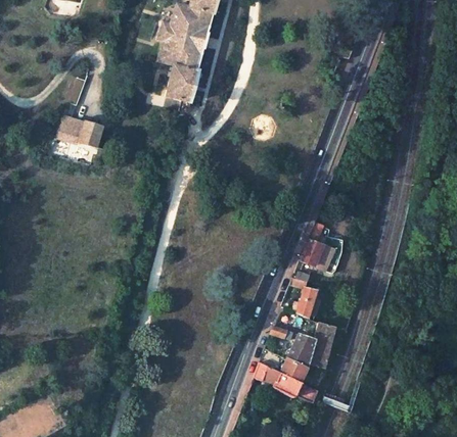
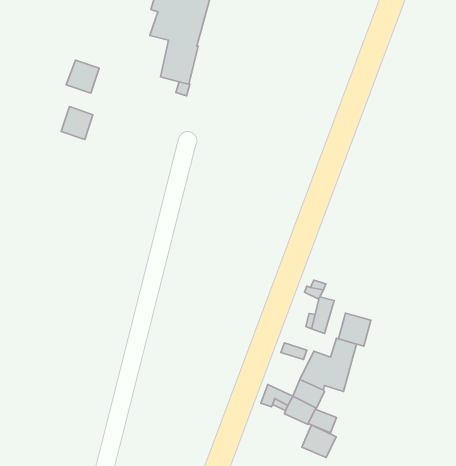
building: [57,115,86,144] -> [66,60,99,93]
building: [301,238,333,270] -> none
building: none -> [339,313,371,346]
building: none -> [302,425,336,457]

